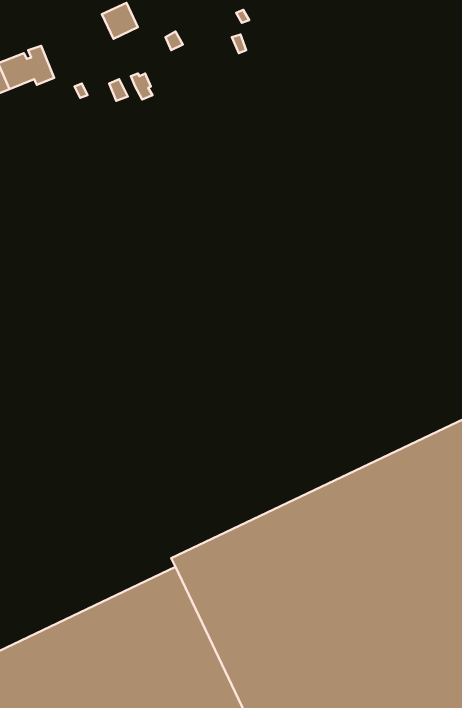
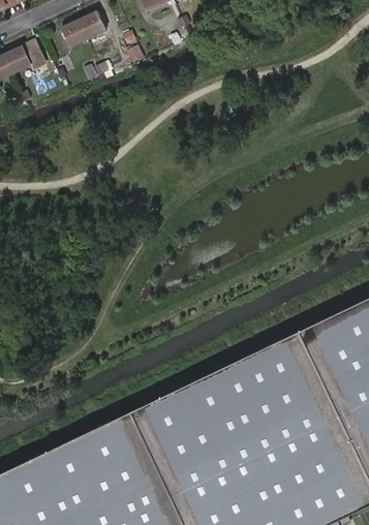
building: none -> [62,21,88,47]

